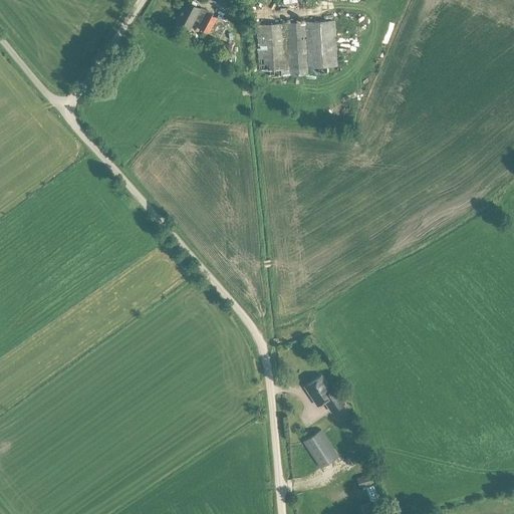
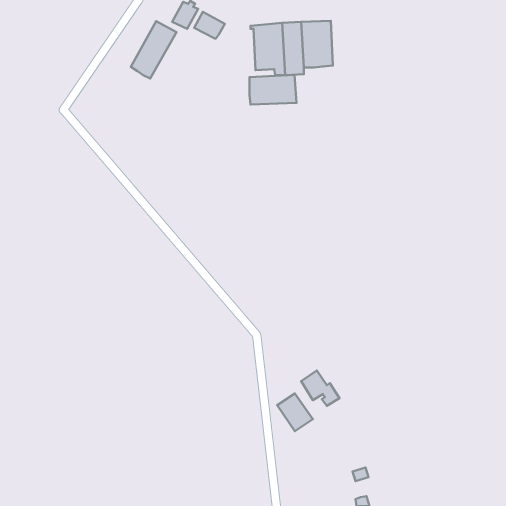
building: none -> [131,21,177,78]
building: none -> [249,75,296,104]
building: [303,430,339,468] -> [277,393,313,431]

